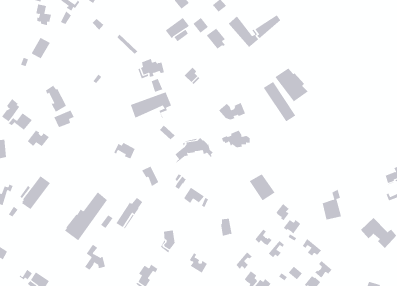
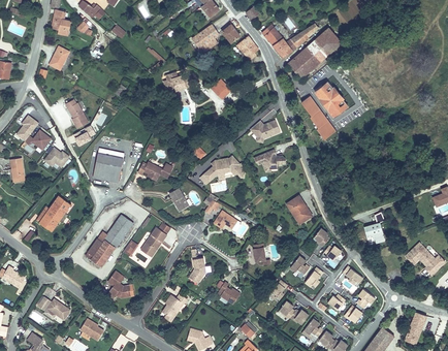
building: none -> [287,27,343,79]
building: [130,92,172,119] -> none
building: none -> [93,154,124,184]

